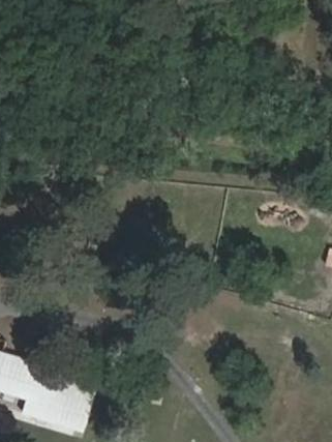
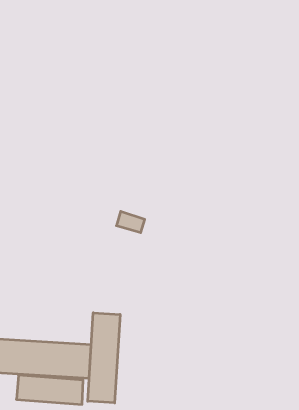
building: none -> [88,313,120,403]

